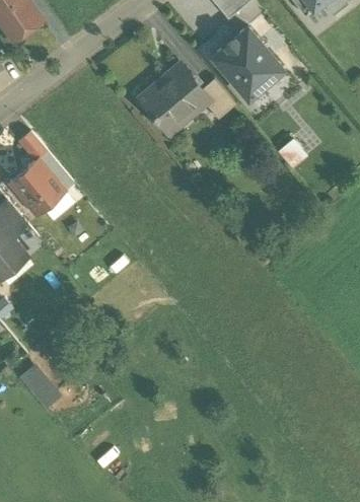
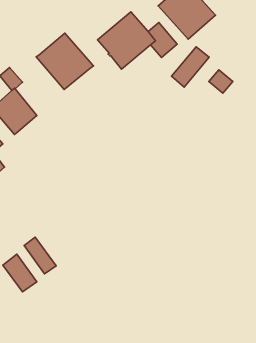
building: none -> [36,33,93,90]
building: none -> [171,47,209,87]
building: none -> [24,237,56,274]

